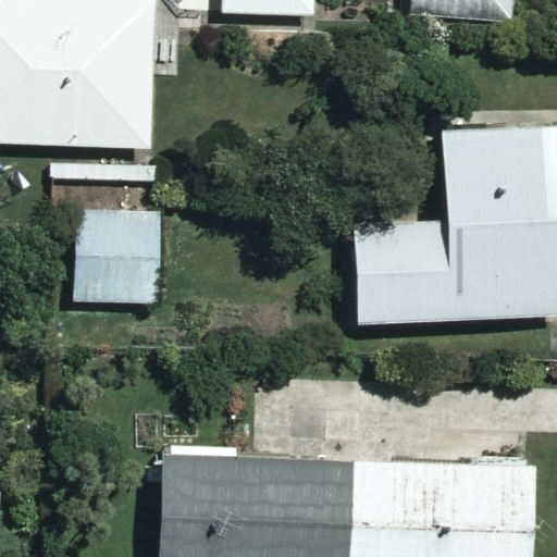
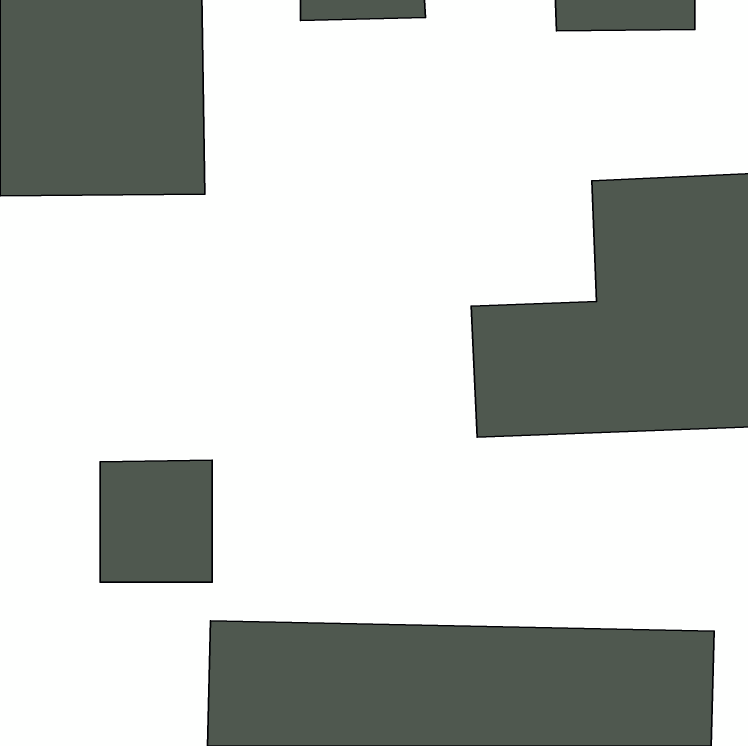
building: [76,211,159,301] -> [100,460,212,582]

